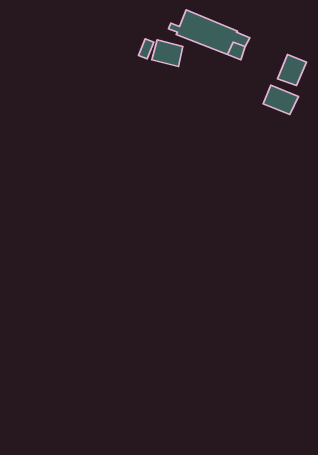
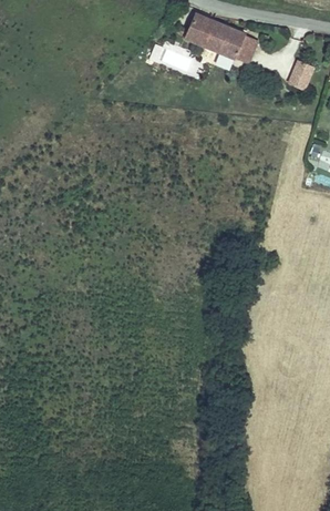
building: [263,85,298,115] -> none

